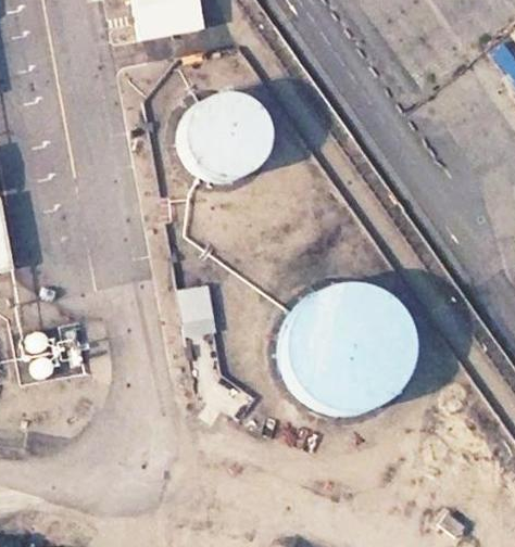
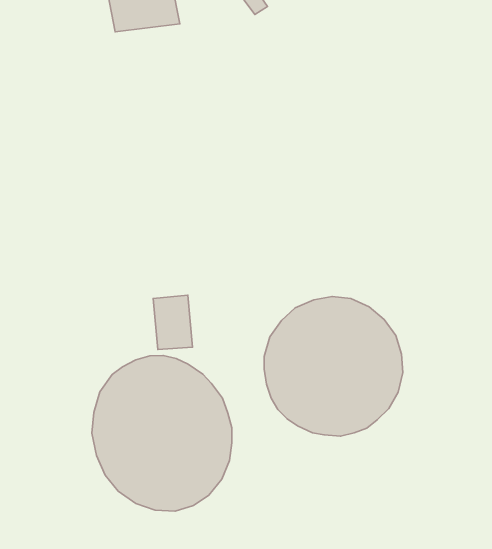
building: [180,93,272,183] -> none
building: none -> [92,355,232,511]

